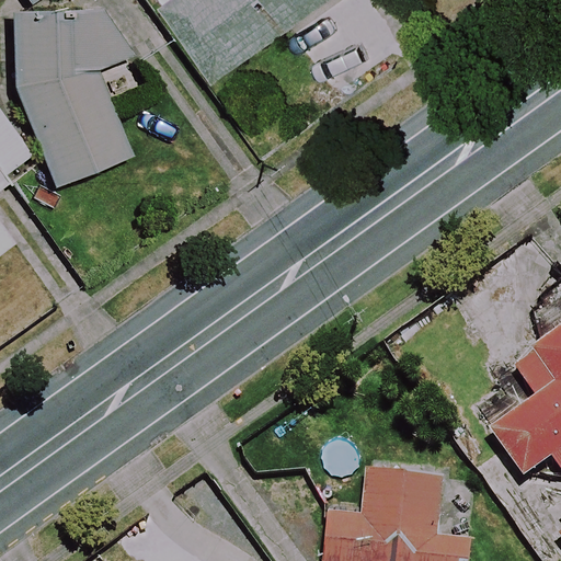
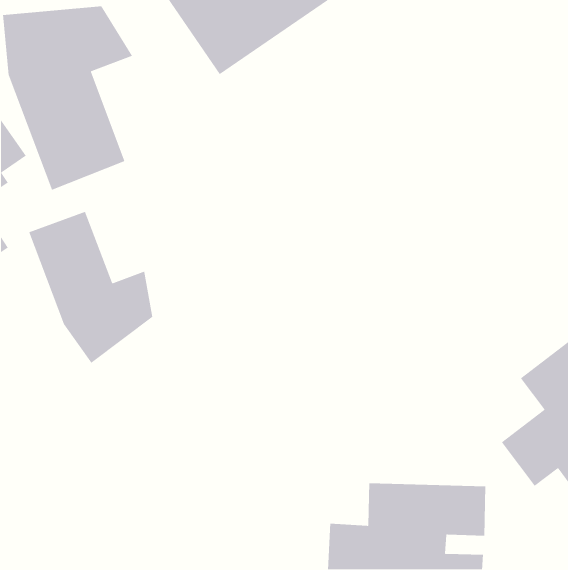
building: none -> [28,211,153,364]

